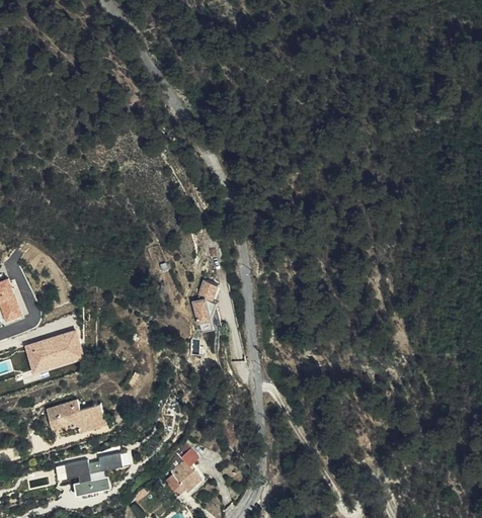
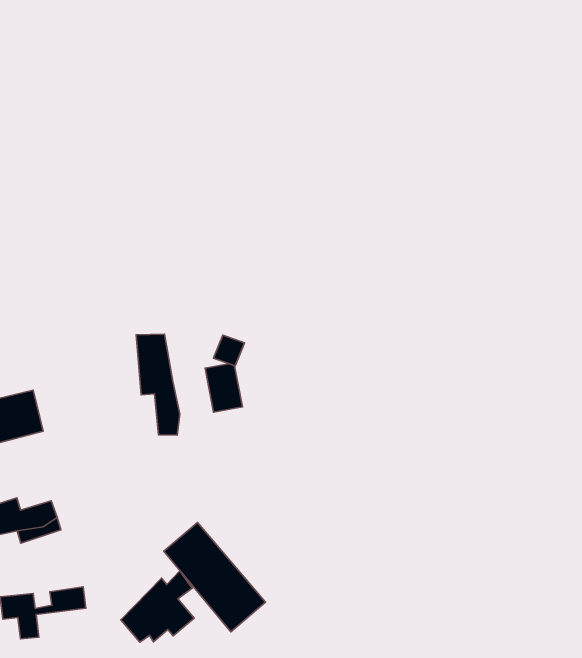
building: none -> [136,334,180,435]
building: none -> [164,523,265,632]

